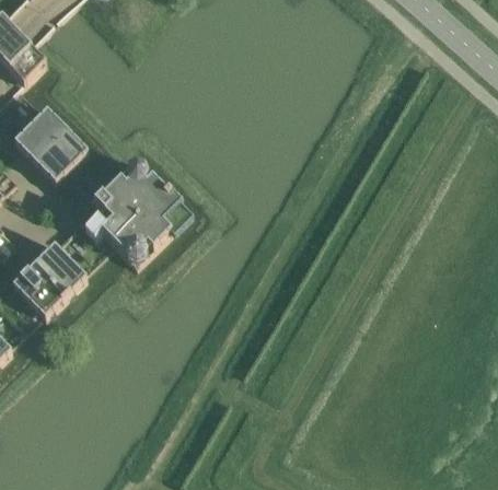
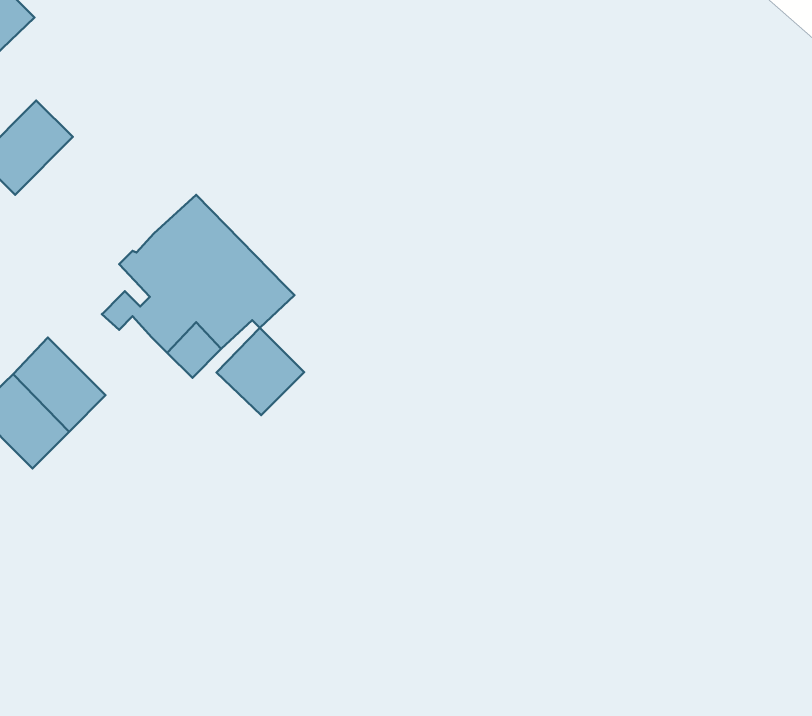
building: [33,126,85,179] -> none
building: none -> [216,328,304,415]

